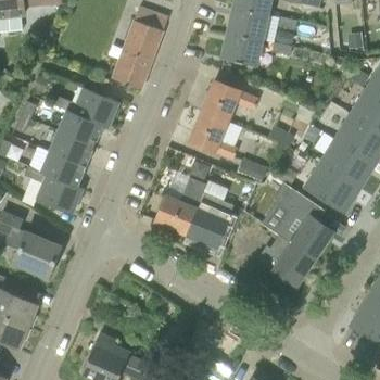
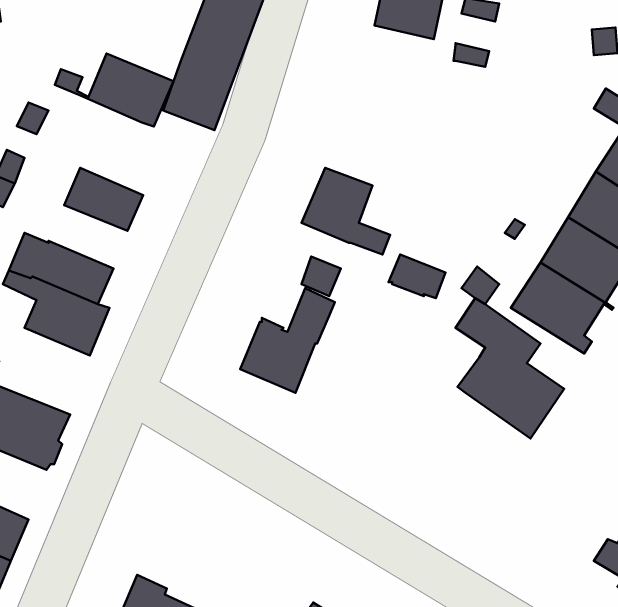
building: [224,33,262,65] -> none
building: [202,80,258,121] -> none
building: [54,88,119,128] -> [55,53,174,126]
building: [50,131,93,166] -> none
building: [186,192,235,246] -> none
building: [257,235,315,287] -> none

